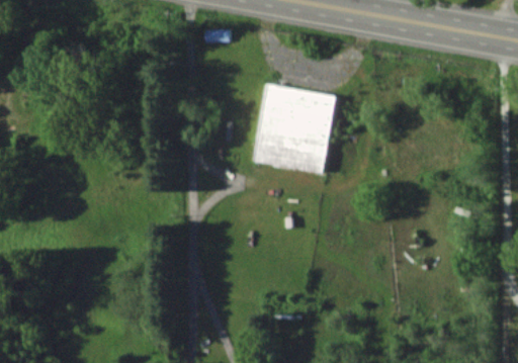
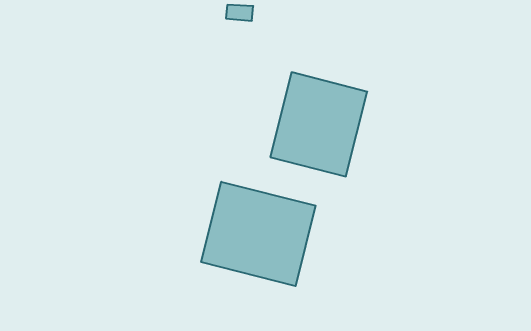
building: none -> [201,182,316,286]

